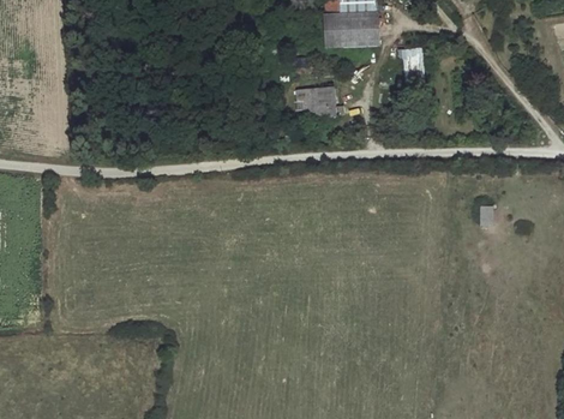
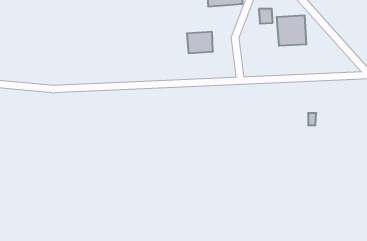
building: none -> [277,15,306,46]

